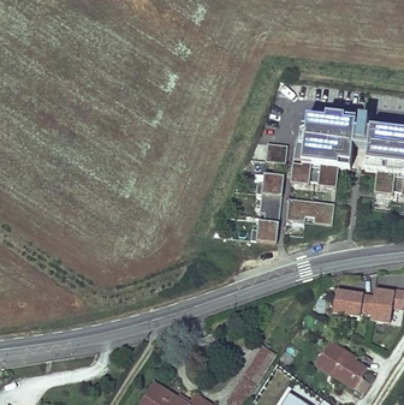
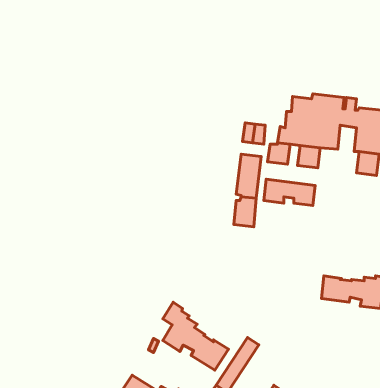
building: none -> [163,302,229,370]
building: [316,343,366,387] -> none

